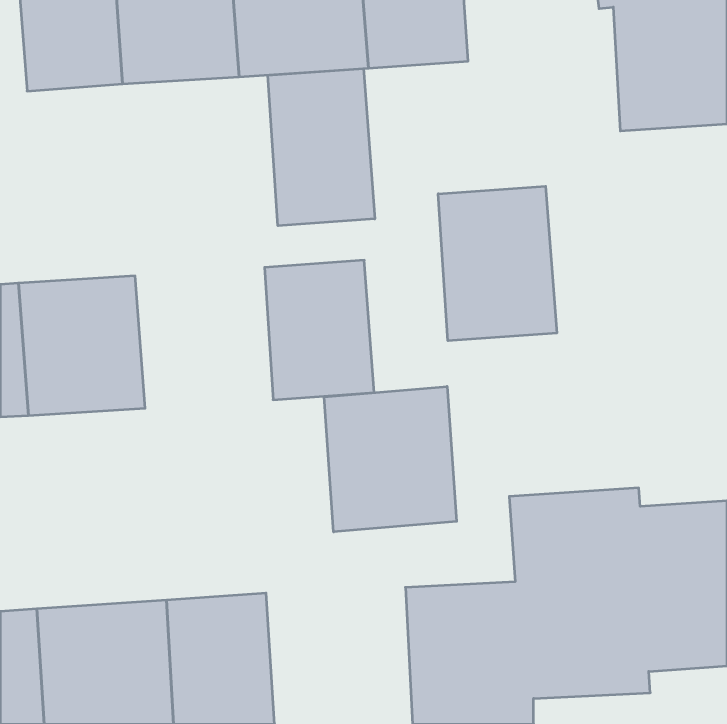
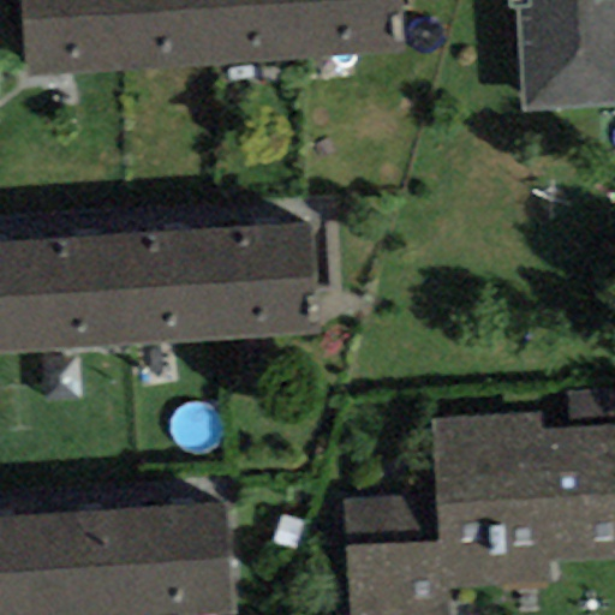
building: [268,69,375,226] -> none
building: [438,186,557,341] -> none
building: none -> [114,226,231,345]
building: [324,386,457,532] -> none

